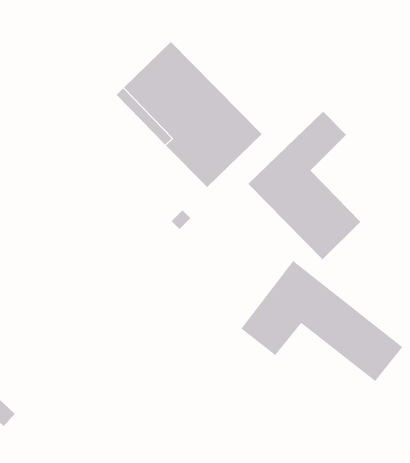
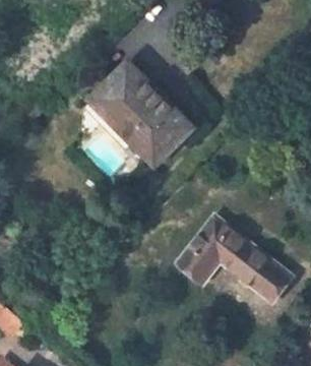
building: [247,111,361,260] -> none

